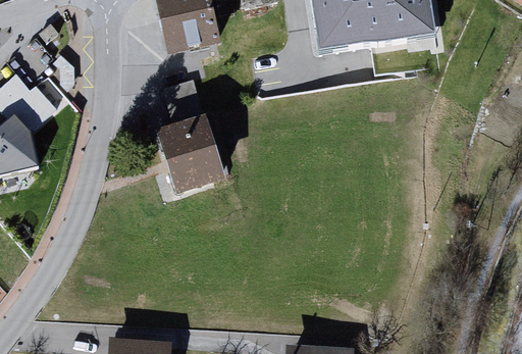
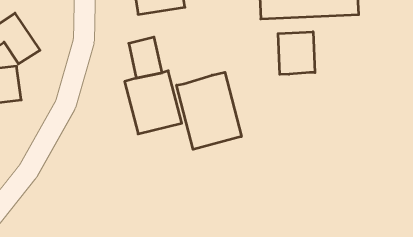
building: none -> [278,32,315,74]
building: none -> [177,72,241,149]

